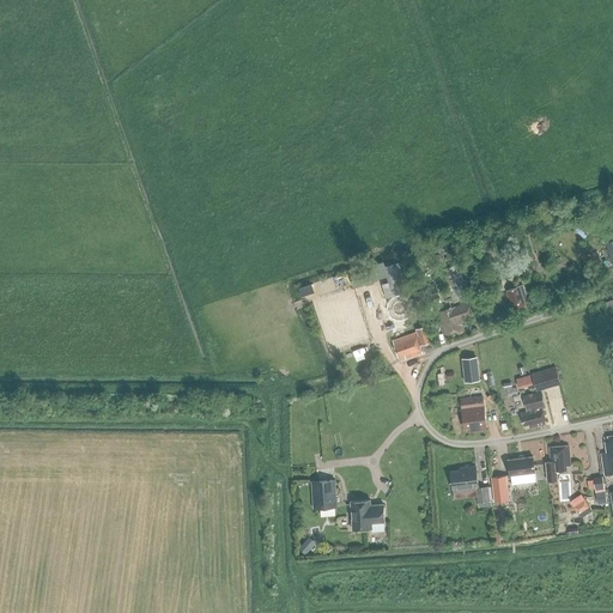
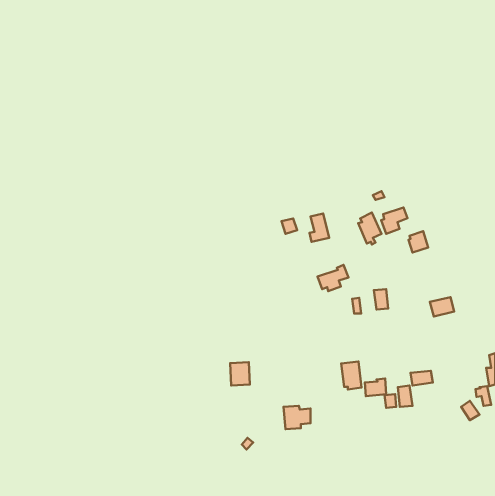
building: [439,303,472,335] -> [381,207,407,234]
building: [520,393,545,429] -> none
building: [460,397,485,432] -> [341,361,361,390]
building: [545,445,570,481] -> none
building: [311,480,335,509] -> [230,362,250,385]

